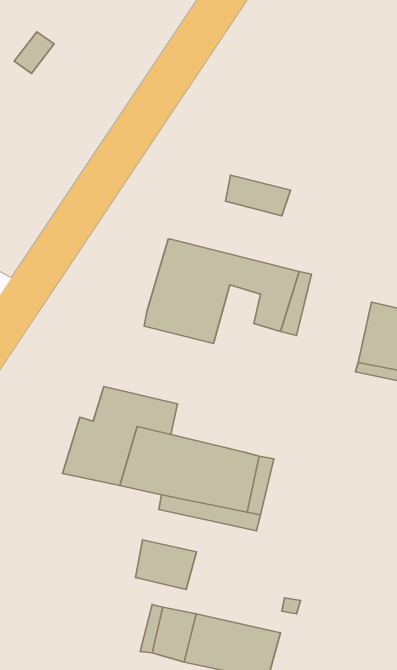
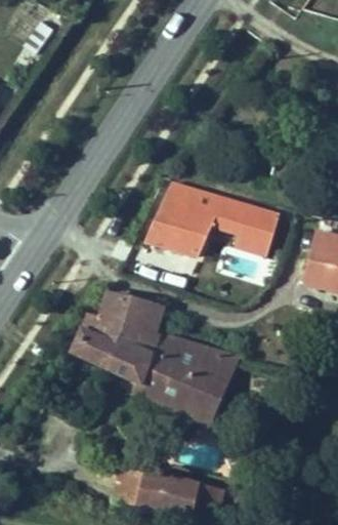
building: [226,175,290,216] -> none
building: [135,540,197,590] -> none

